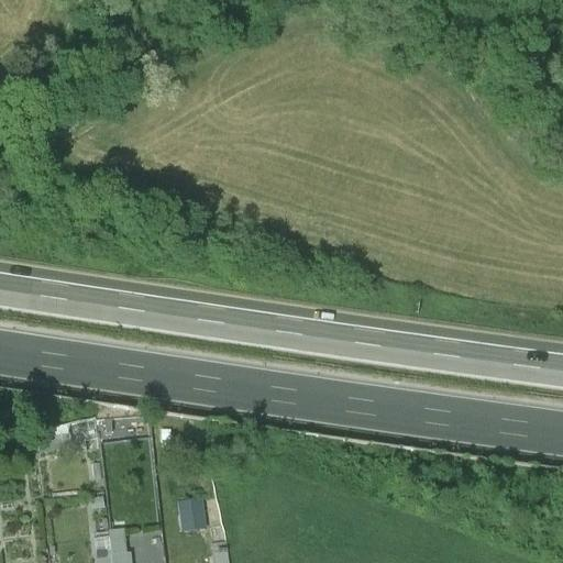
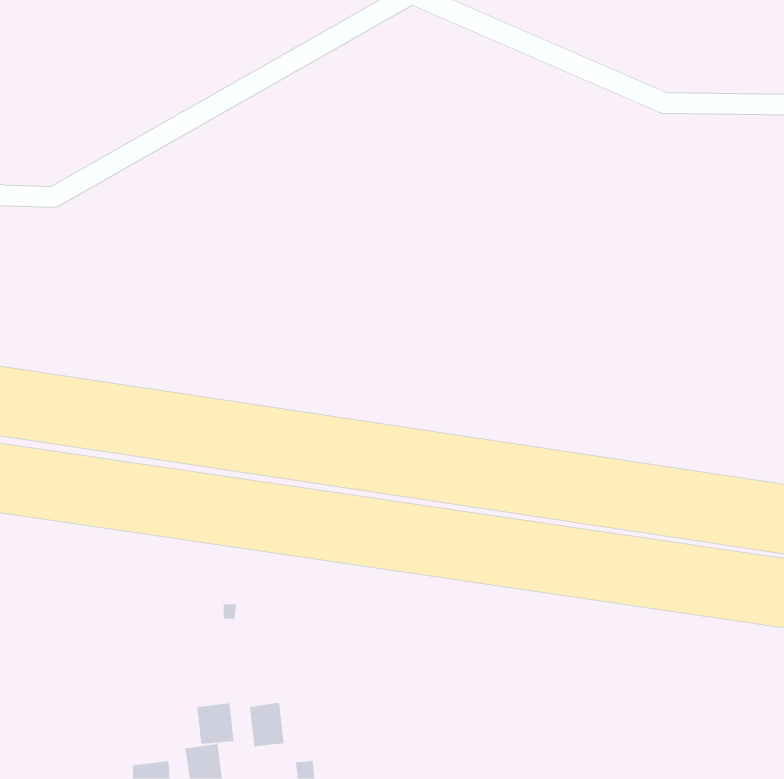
building: none -> [197,703,234,744]

